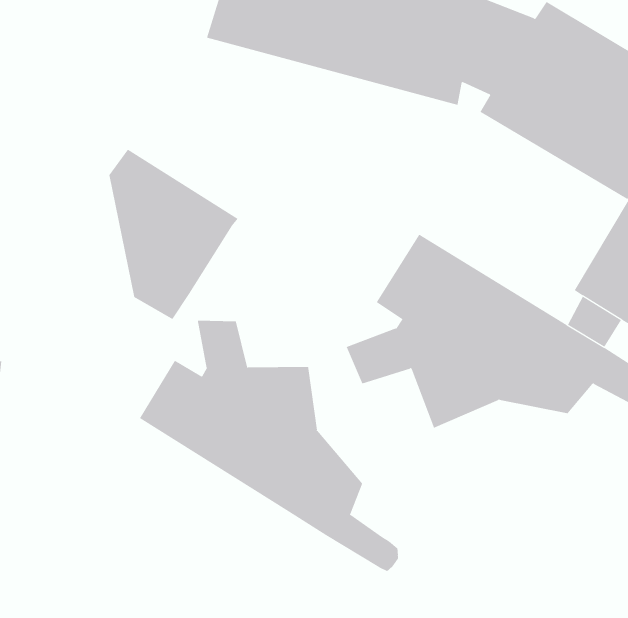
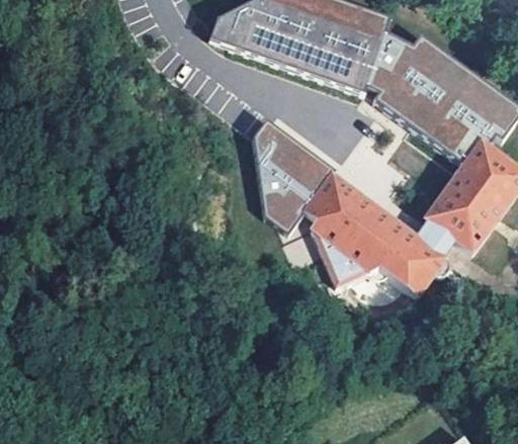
building: [109,149,239,320] -> [257,119,336,229]
building: [139,320,398,572] -> none

